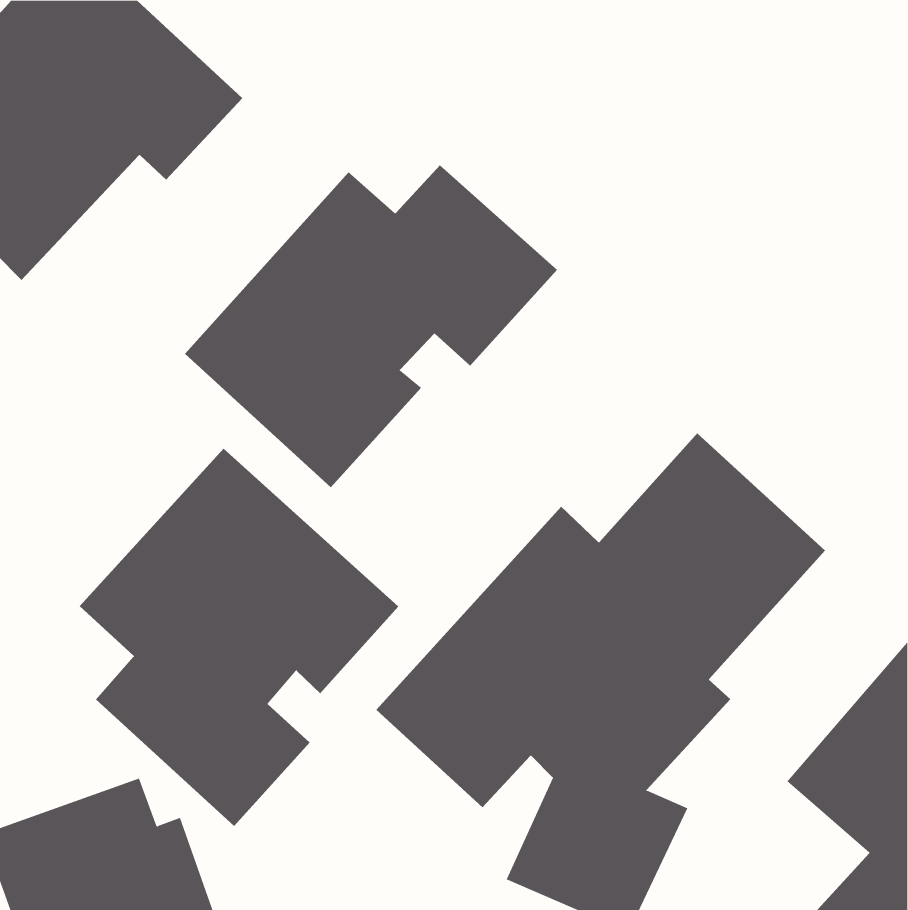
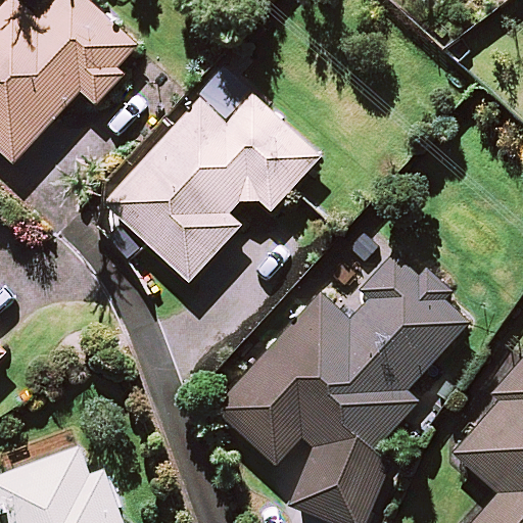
building: [79,448,399,827] -> none

